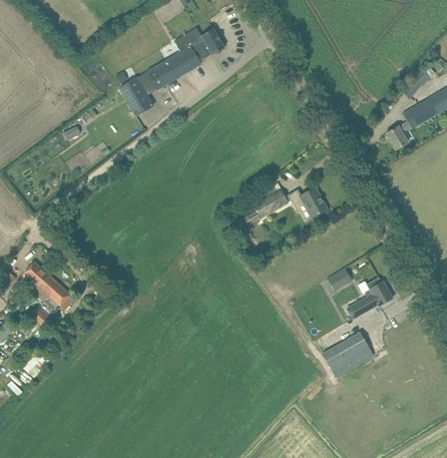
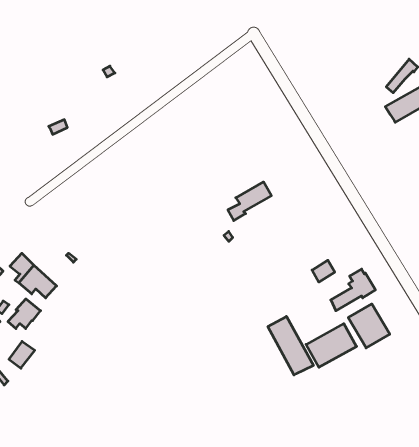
building: [120,27,225,115] -> none
building: [386,120,412,149] -> none
building: [293,187,328,216] -> none
building: none -> [348,304,390,348]
building: none -> [268,316,313,375]

